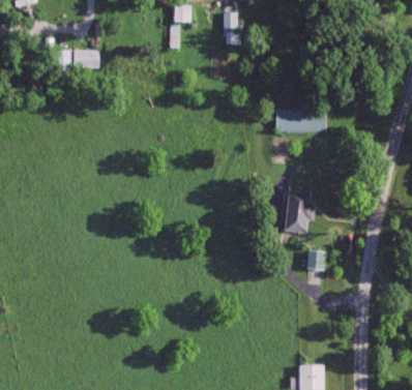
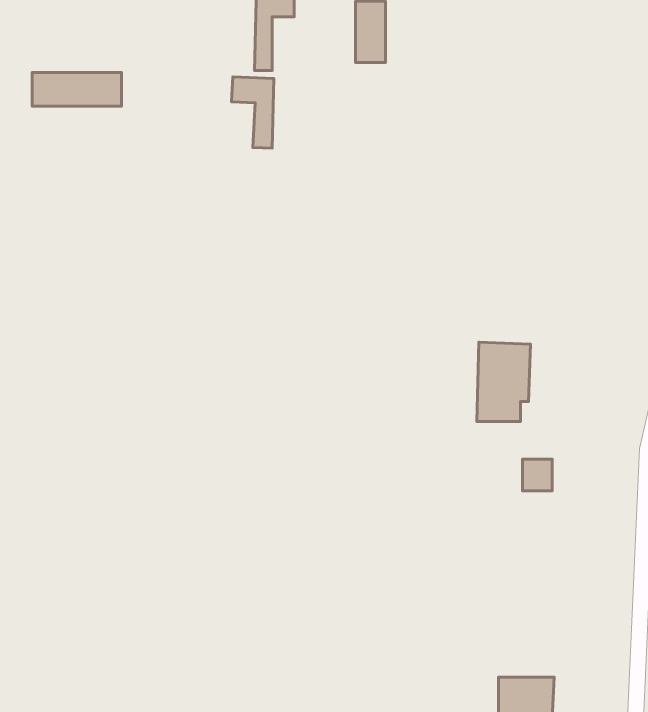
building: none -> [231,77,274,148]
building: [276,109,328,132] -> none

